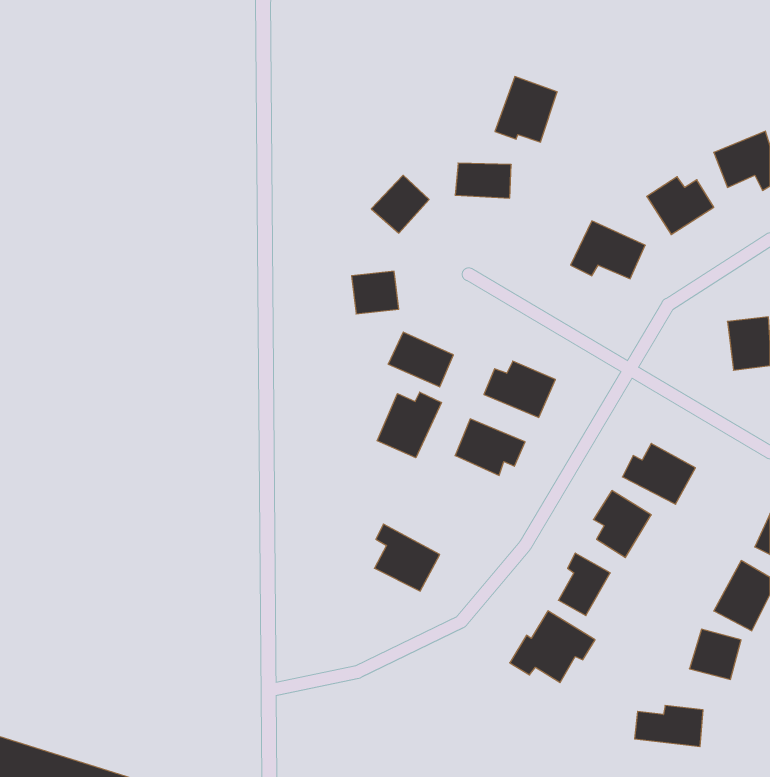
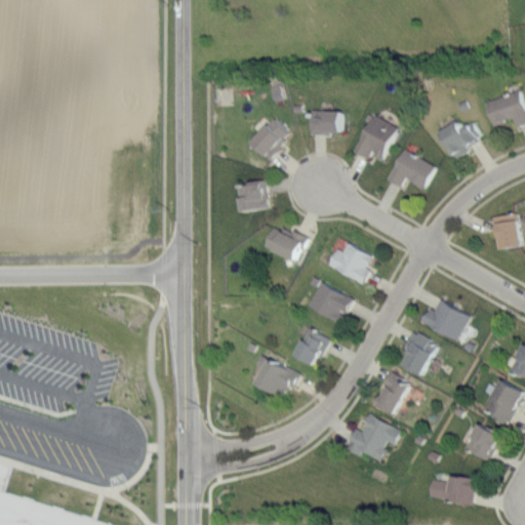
building: [495,77,557,142] -> [355,116,397,160]
building: [377,392,441,458] -> none
building: none -> [292,328,327,366]

